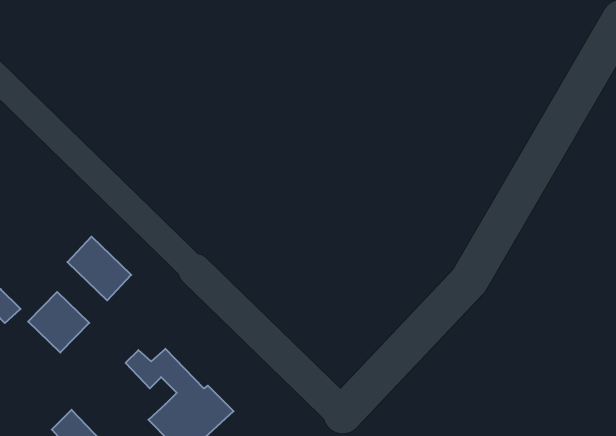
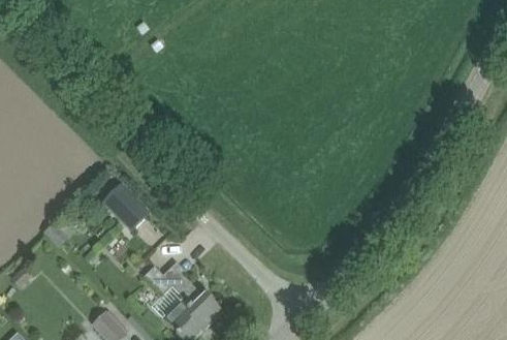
building: [28,292,89,353] -> none

